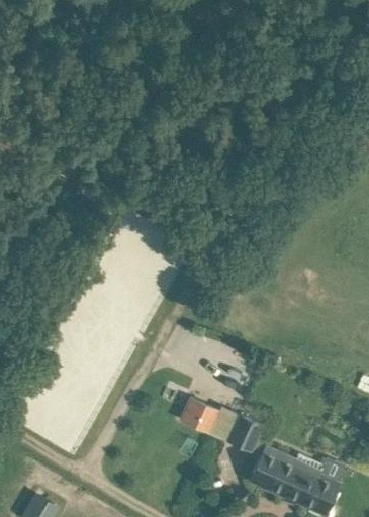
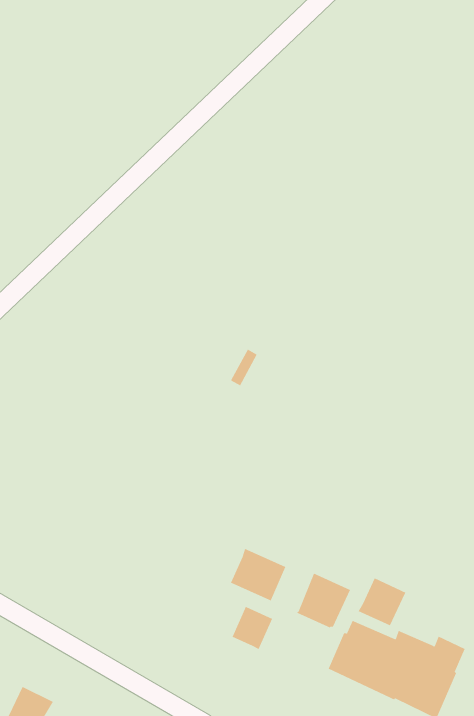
building: none -> [358,578,407,626]
building: none -> [232,606,273,650]

